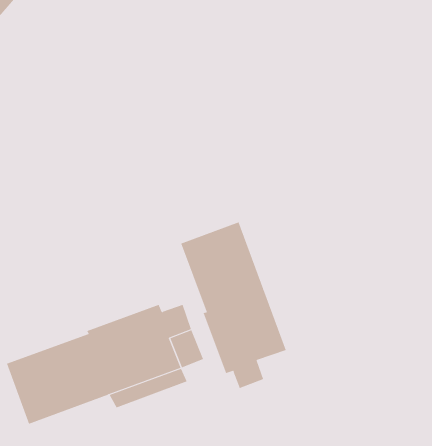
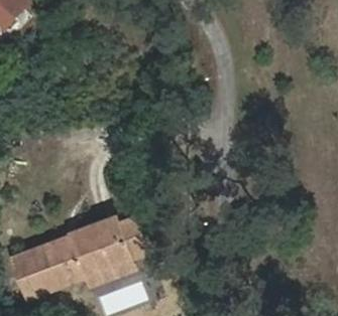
building: [180,222,286,389] -> none

